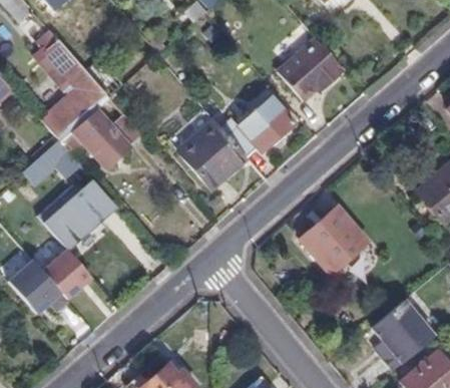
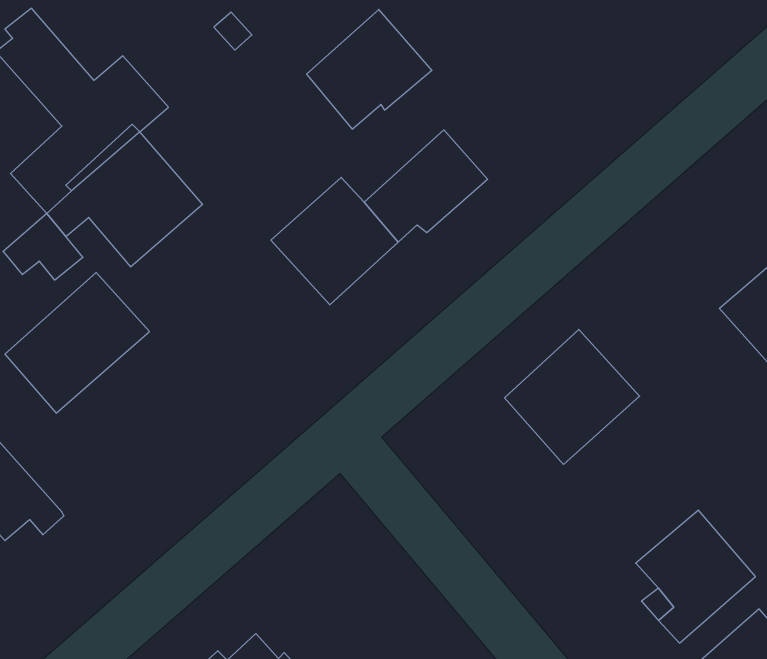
building: [279,36,345,99] -> [307,9,432,129]
building: [43,249,92,299] -> none

